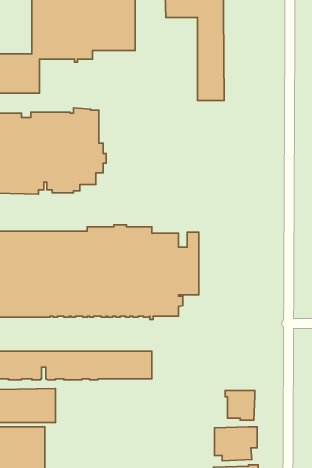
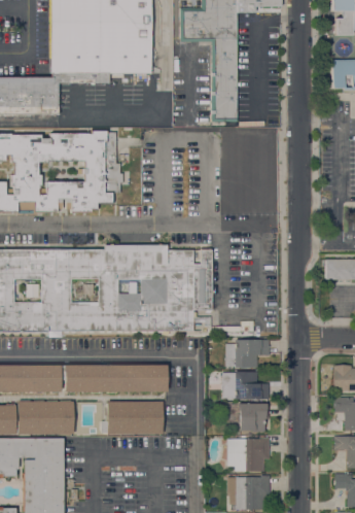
building: none -> [226,339,270,367]
building: none -> [235,371,271,400]
building: none -> [102,401,163,434]

